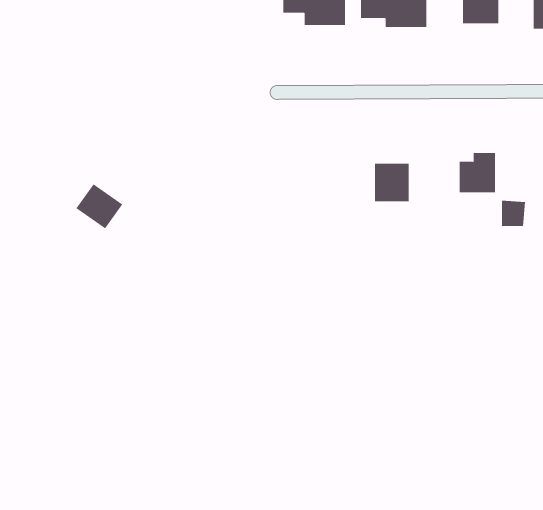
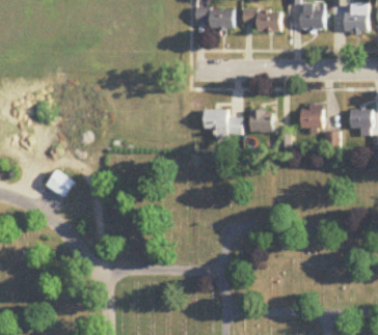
building: none -> [204,110,242,136]
building: [76,183,123,229] -> [45,170,73,197]

